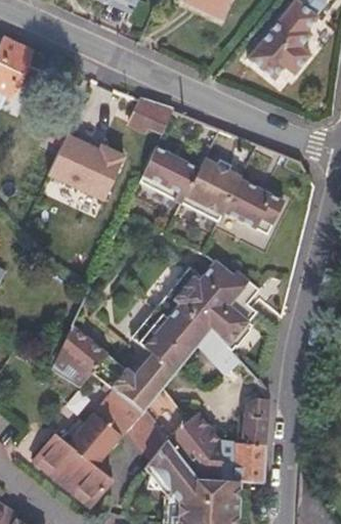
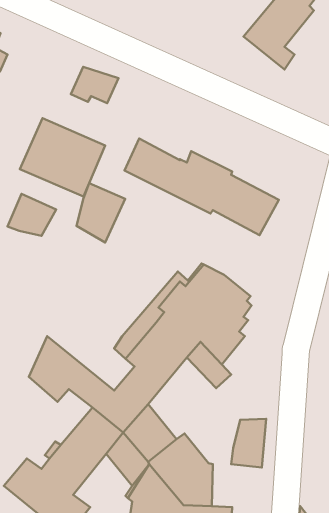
building: [129,100,172,133] -> [71,67,118,103]
building: none -> [77,183,125,243]
building: none -> [7,194,56,236]
building: [220,441,265,481] -> none

